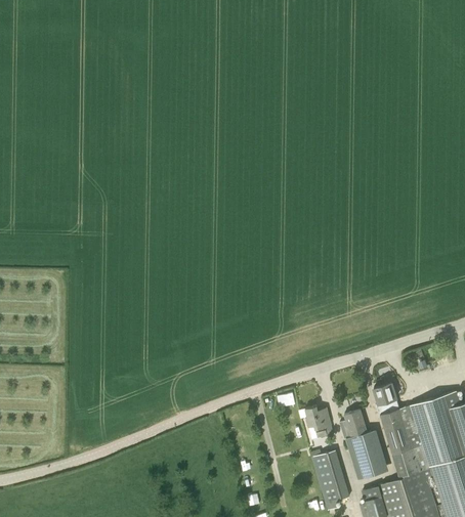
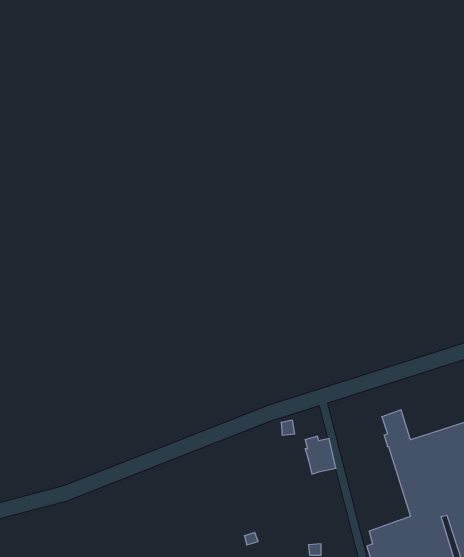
building: [345,410,384,480] -> none
building: [313,453,345,505] -> none

